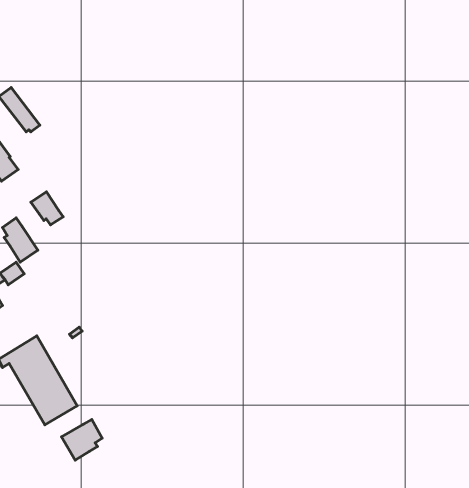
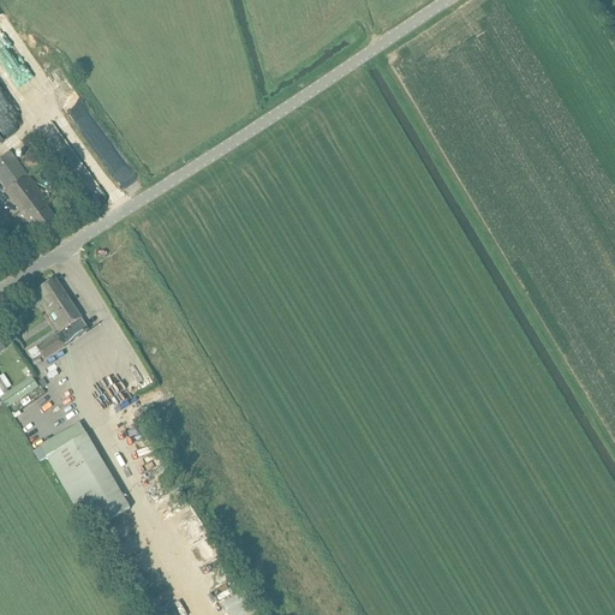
building: [31,192,63,225] -> none
building: [62,420,102,460] -> none

